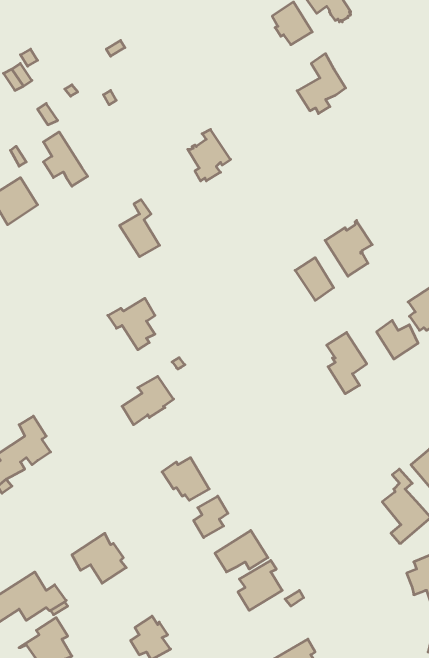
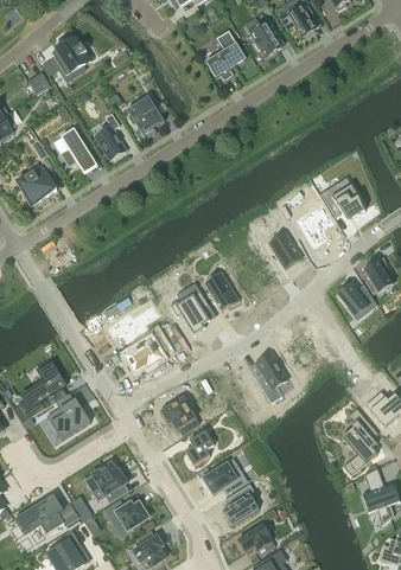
building: none -> [51,37,91,75]
building: [297,54,346,114] -> [205,30,246,79]
building: [188,129,231,181] -> [129,96,165,139]
building: none -> [320,175,364,222]
building: [120,200,160,257] -> [94,113,127,160]
building: [108,298,155,350] -> [170,290,209,333]
building: none -> [204,271,240,310]
building: [327,332,367,394] -> [255,352,288,403]
building: none -> [46,392,90,440]
building: none -> [104,500,148,530]
building: none -> [237,524,275,555]

